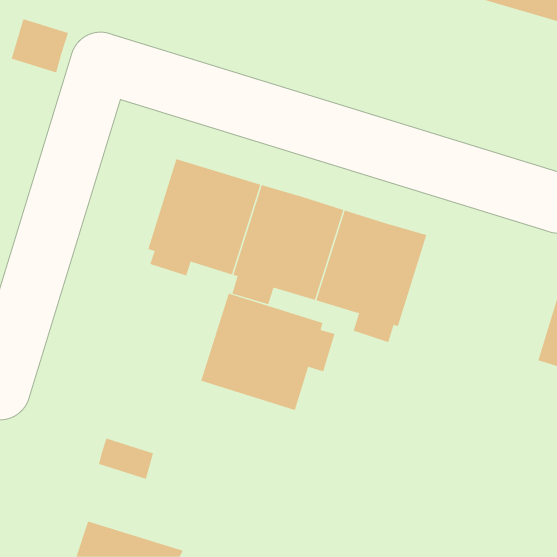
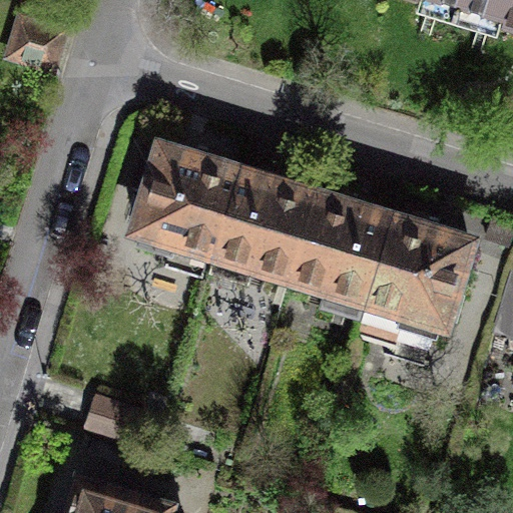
building: none -> [367,215,471,334]
building: [201,293,335,411] -> none

